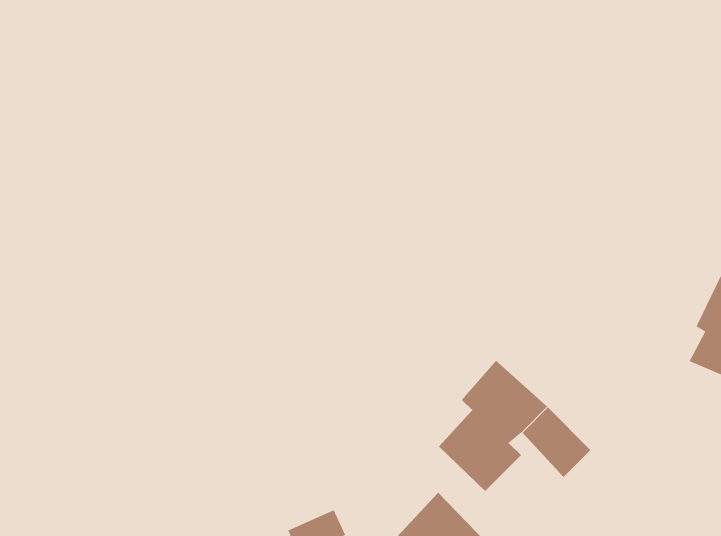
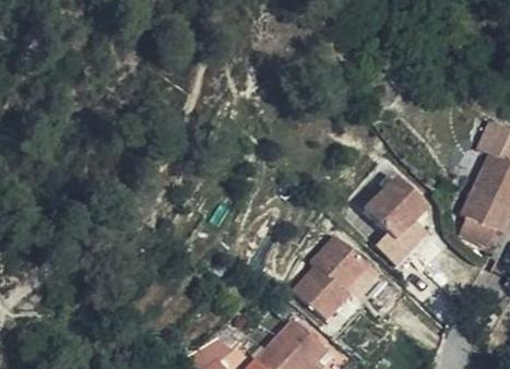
building: none -> [364,176,428,270]

